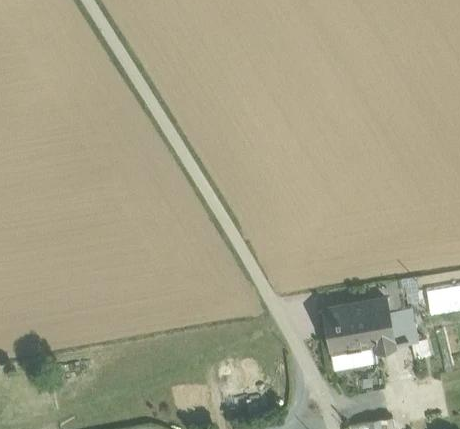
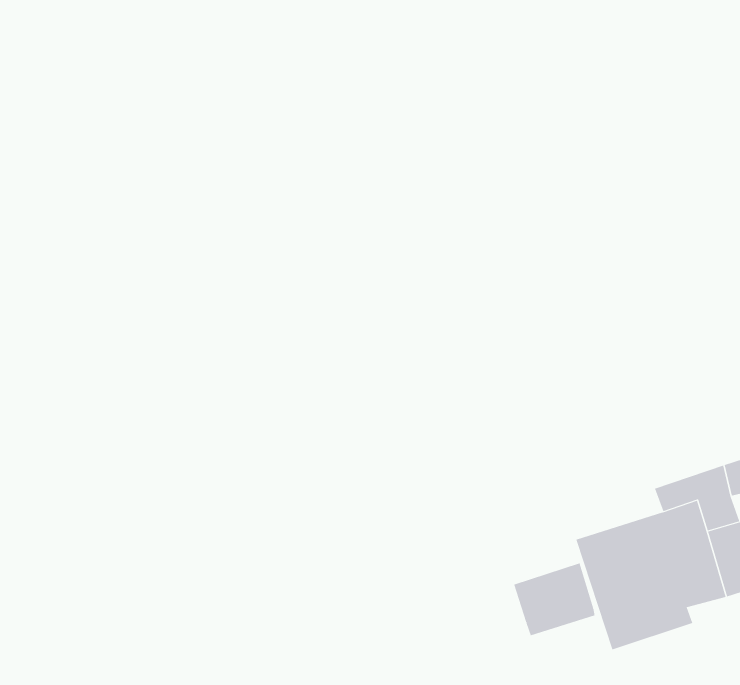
building: none -> [513,563,595,636]

